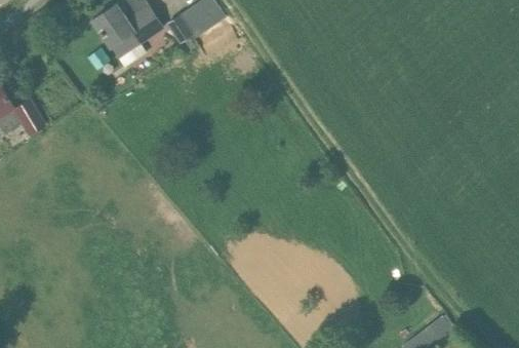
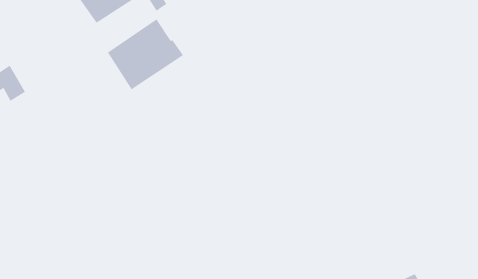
building: none -> [107,19,184,90]

